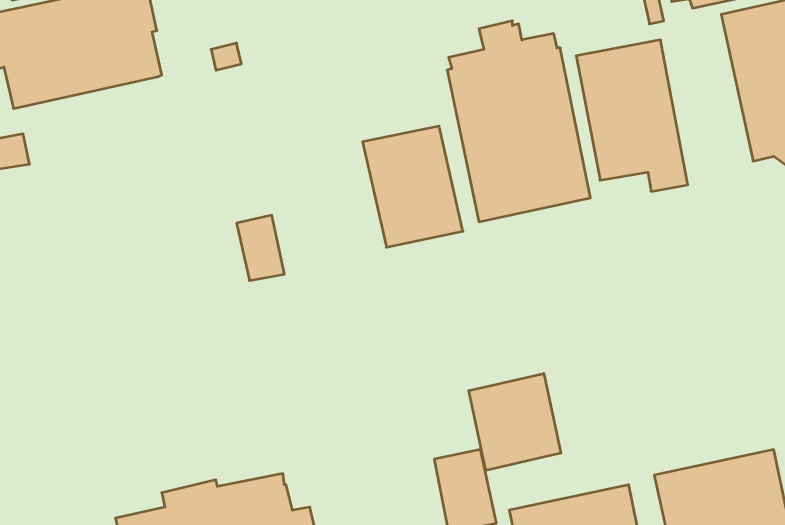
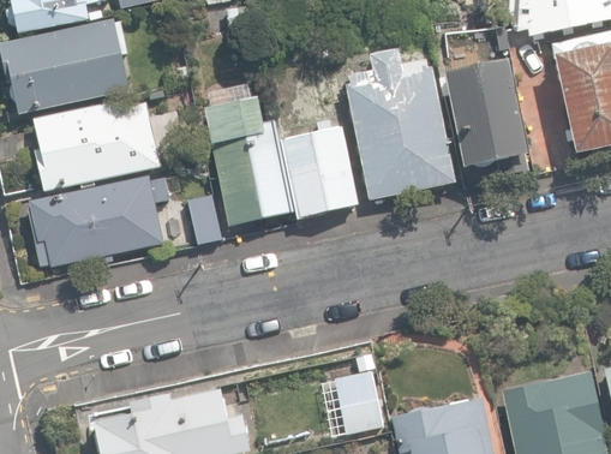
building: none -> [204,96,293,226]
building: none -> [34,98,161,190]
building: none -> [28,173,169,265]
building: [469,373,561,470] -> none

